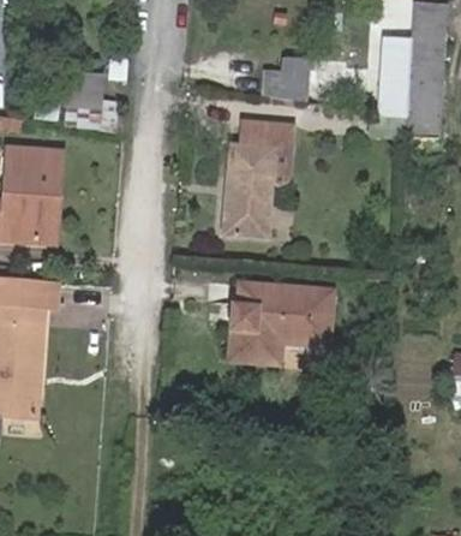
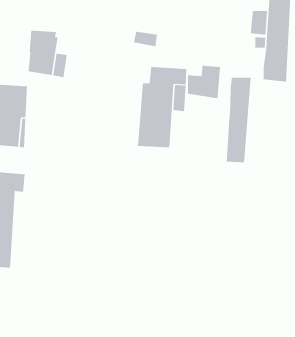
building: [263,55,312,105] -> [187,65,221,99]
building: none -> [226,77,251,163]
building: [227,286,333,363] -> none

